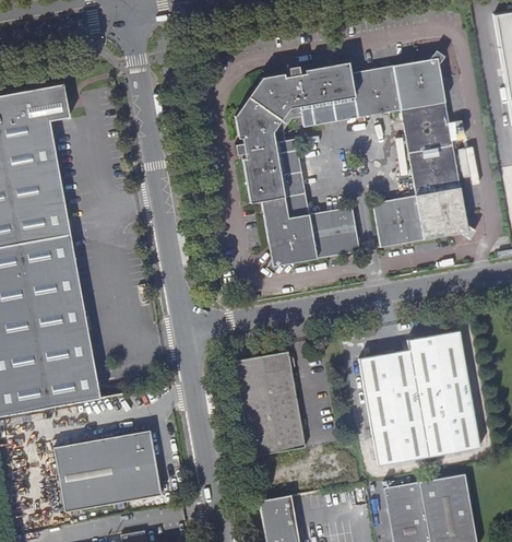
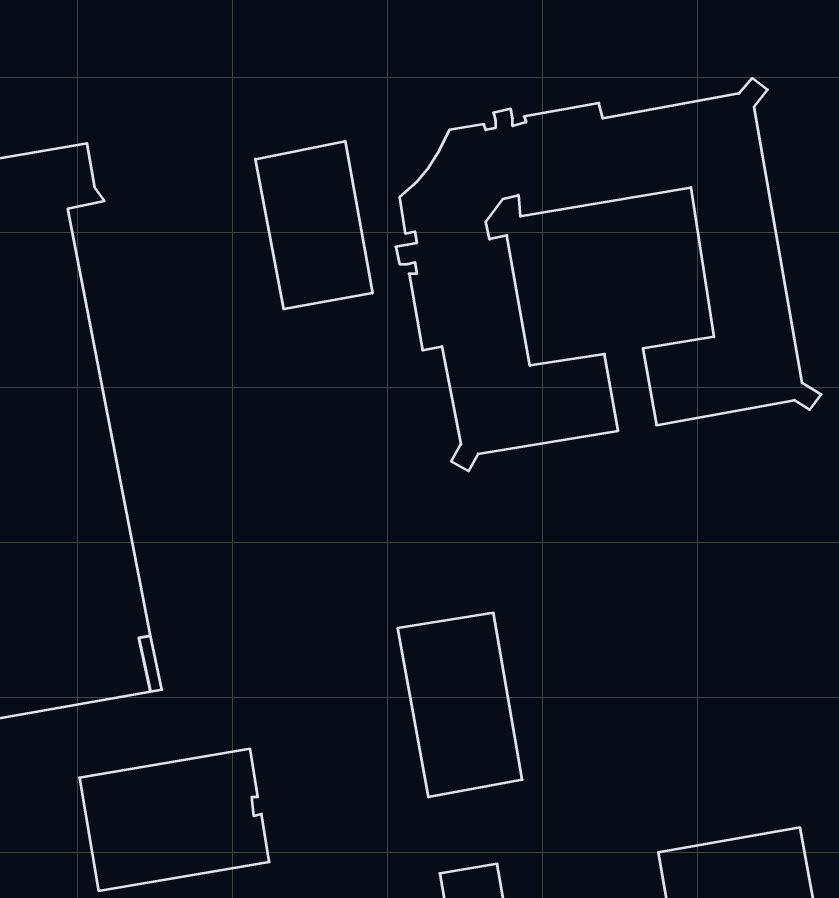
building: none -> [255,141,372,309]
building: [359,332,480,467] -> none

